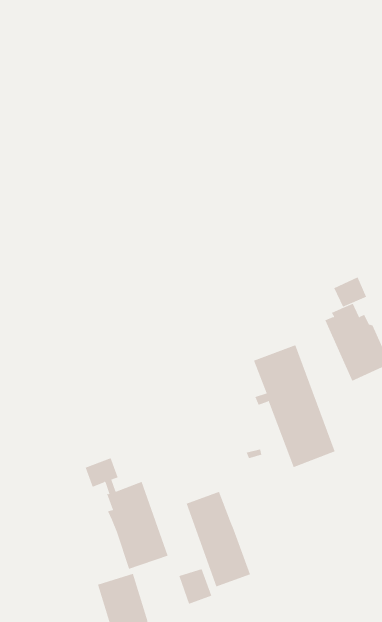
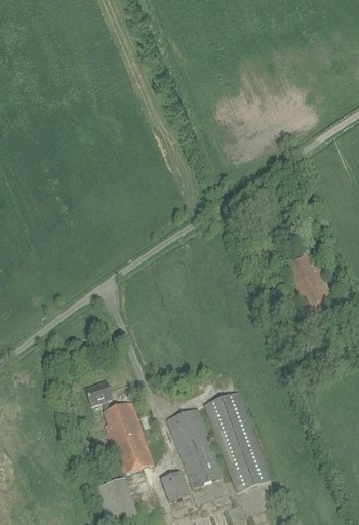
building: [333,277,367,307] -> none
building: [253,344,336,468] -> [203,390,271,491]

